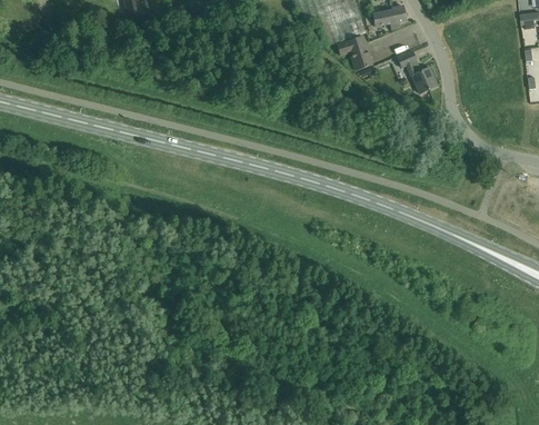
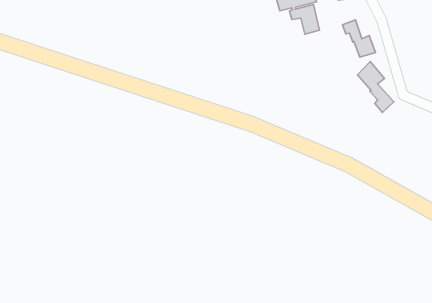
building: none -> [358,61,394,112]

